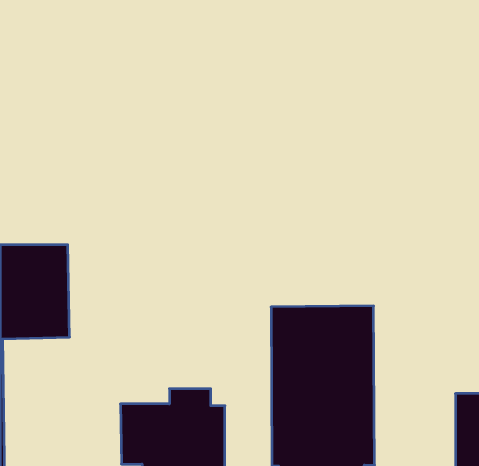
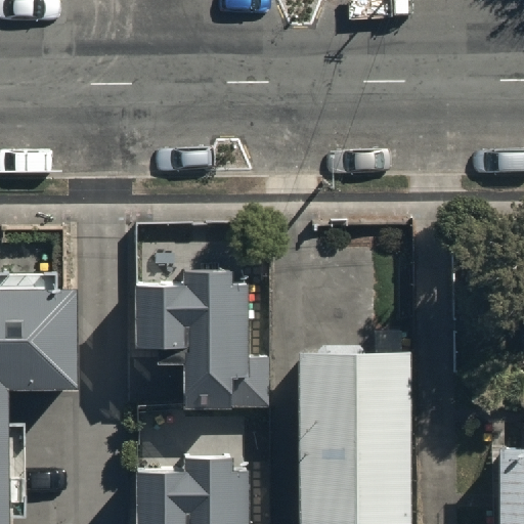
building: none -> [133,259,271,407]

